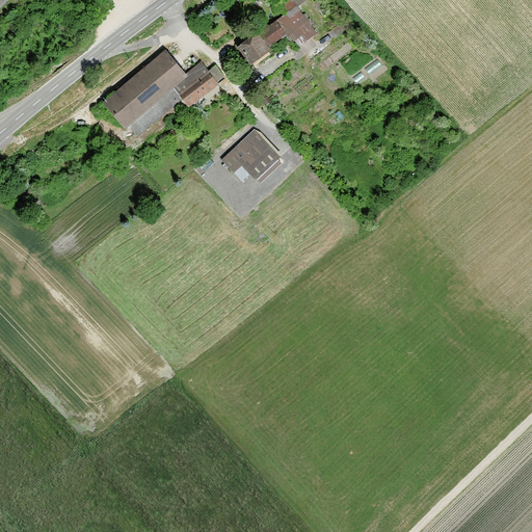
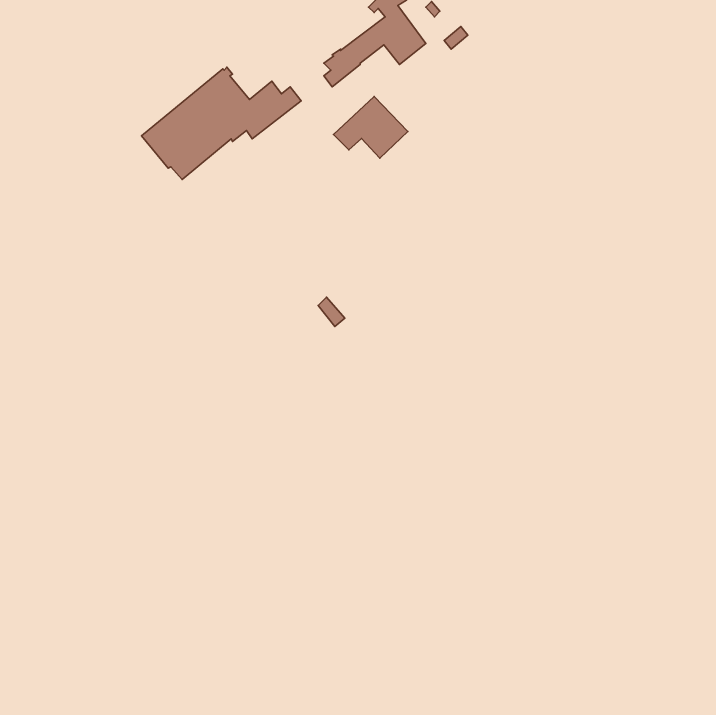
building: [222,132,277,178] -> [333,97,408,158]

